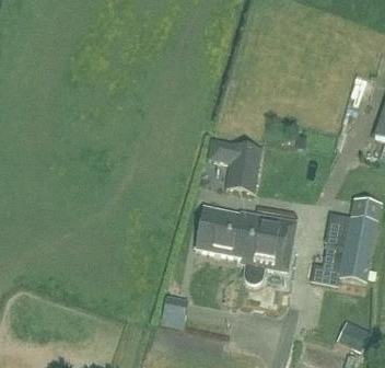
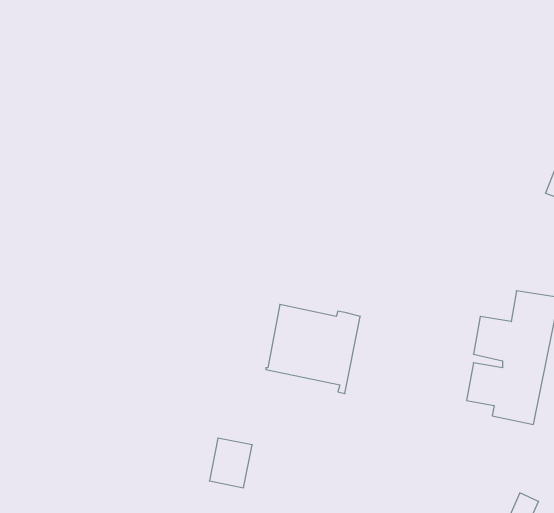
building: [208,138,262,189] -> none
building: [244,212,290,281] -> none

